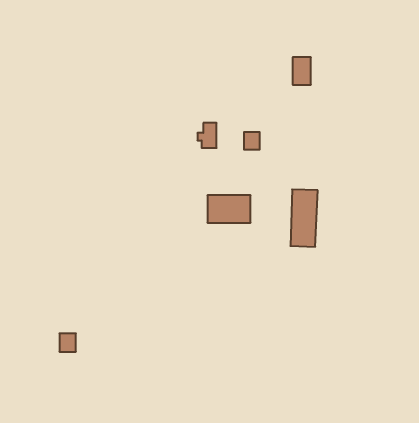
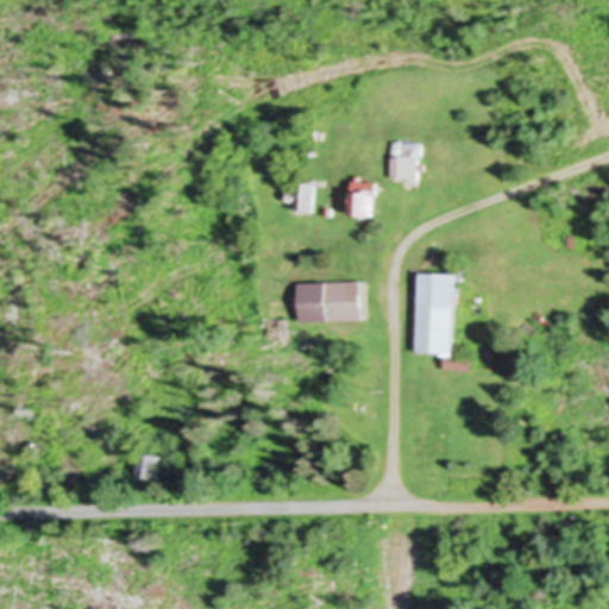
building: [293,57,311,85] -> [389,143,415,182]
building: [59,333,76,352] -> [136,454,159,481]

